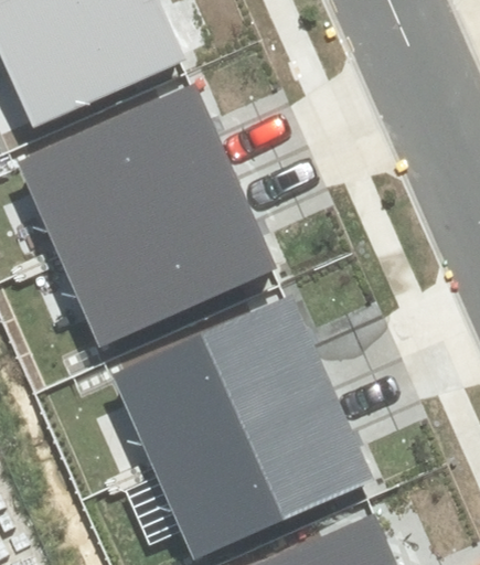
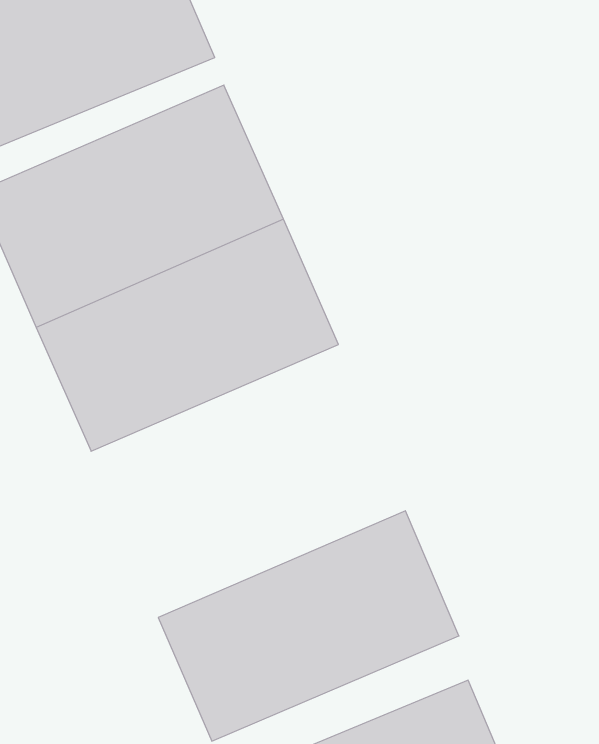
building: [111,302,328,467] -> none

